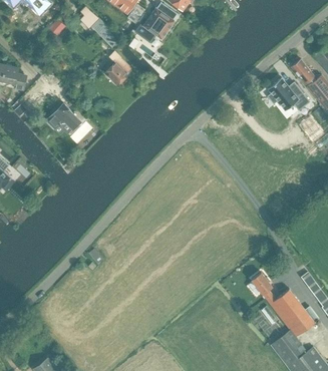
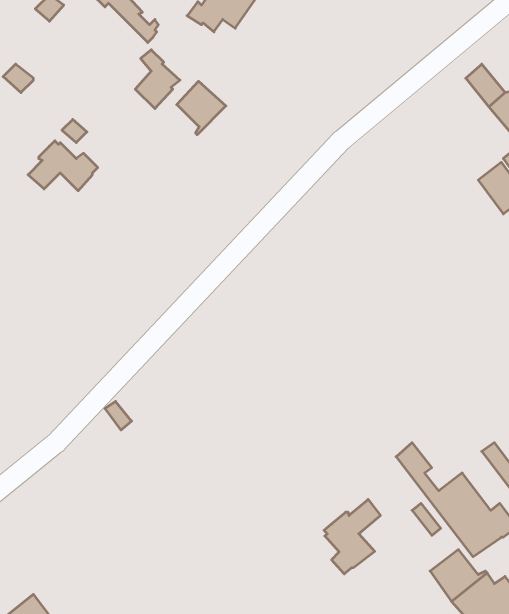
building: none -> [177,81,226,135]
building: [268,77,309,110] -> none
building: none -> [324,499,380,574]

